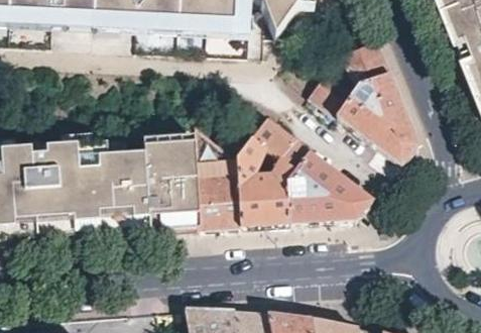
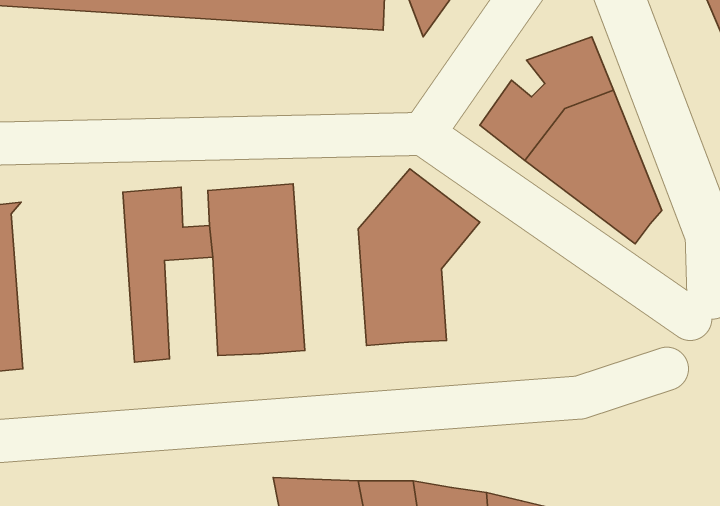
building: [196,126,241,230] -> none
building: [26,134,101,241] -> none
building: [286,152,374,224] -> none
building: [119,174,151,235] -> none

